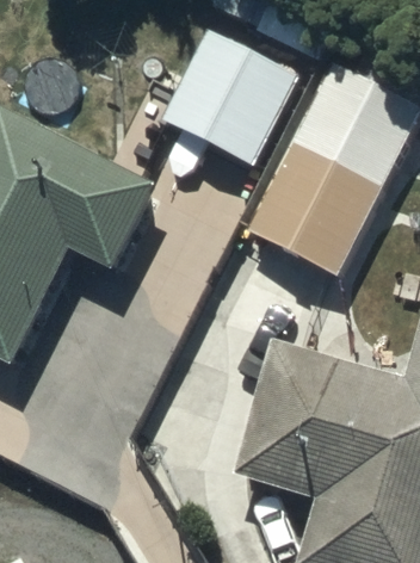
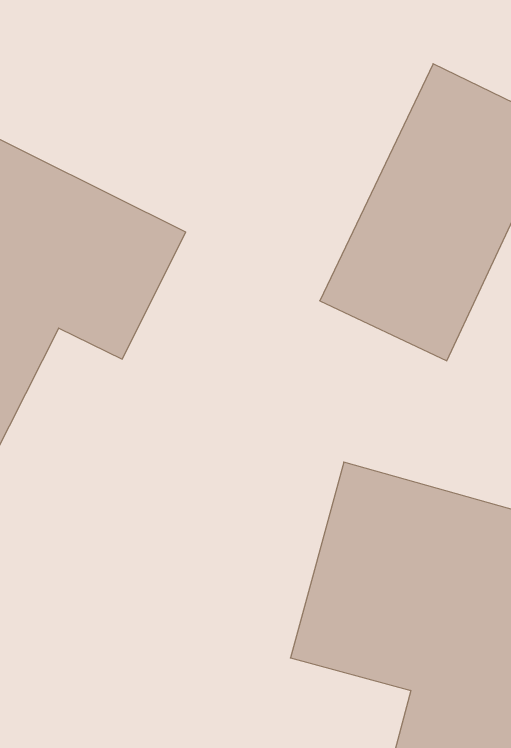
building: [160,26,296,165] -> none

